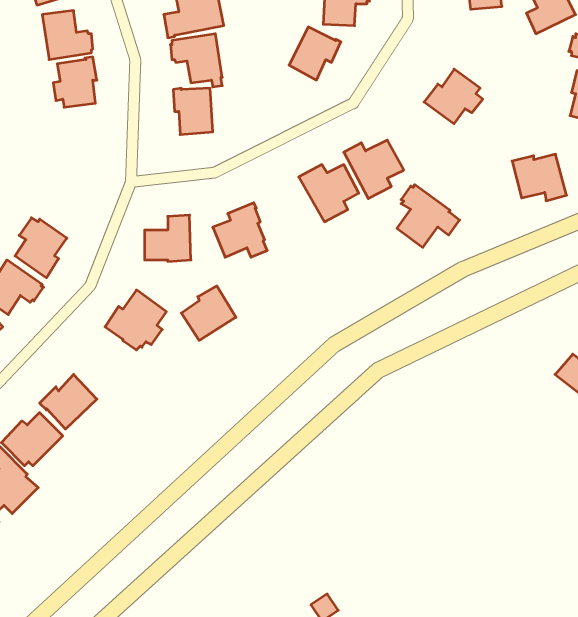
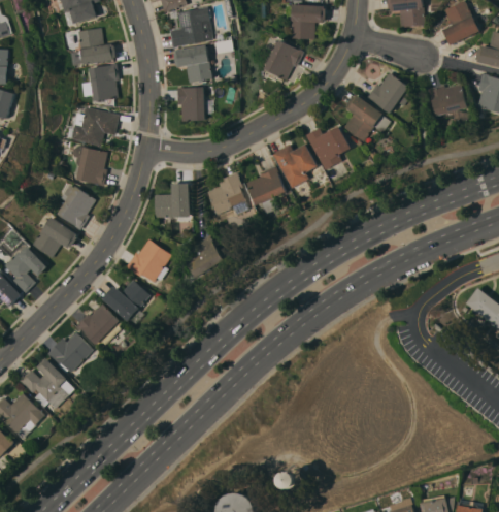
building: none -> [70,107,119,147]
building: [512,154,567,201] -> [427,84,468,119]
building: none -> [71,146,107,186]
building: [397,185,460,247] -> [342,94,390,141]
building: none -> [245,166,286,213]
building: none -> [102,280,151,322]

